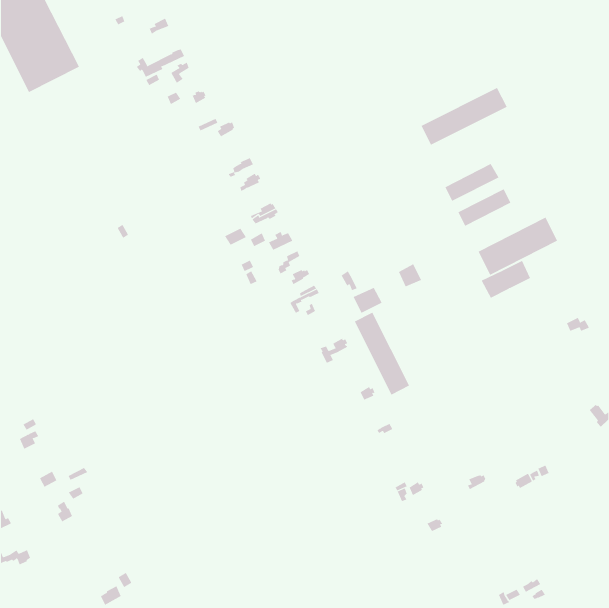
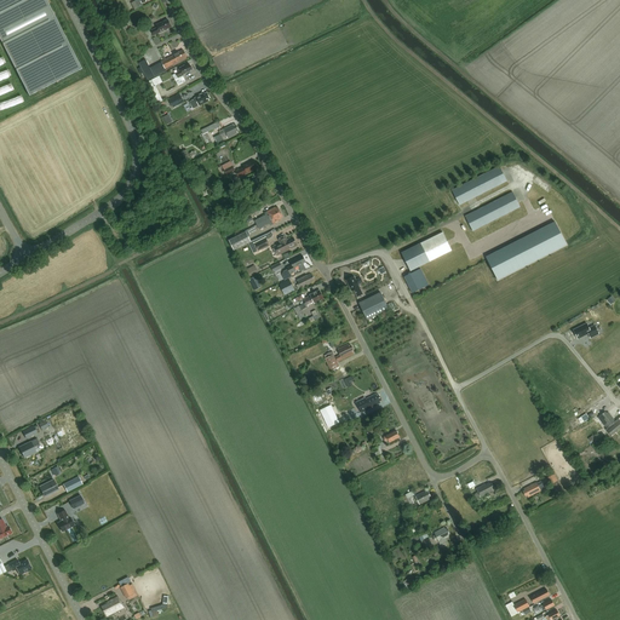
building: [421,87,507,145] -> none
building: [481,260,531,298] -> [401,231,452,270]
building: [354,312,410,395] -> none

